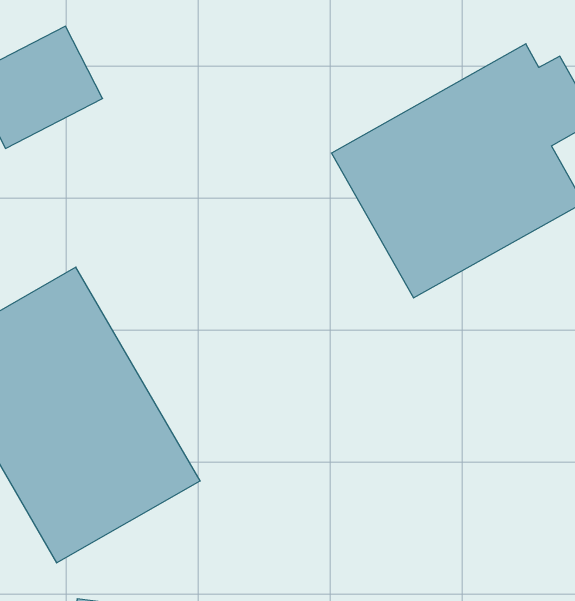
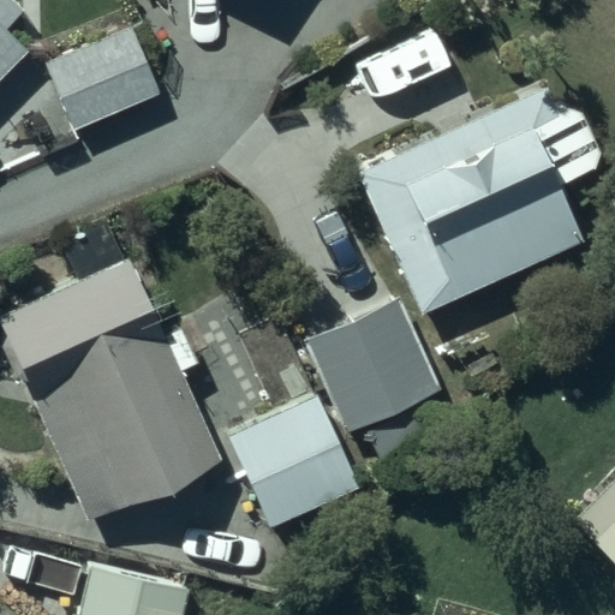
building: none -> [305,301,441,434]
building: none -> [226,398,363,532]

